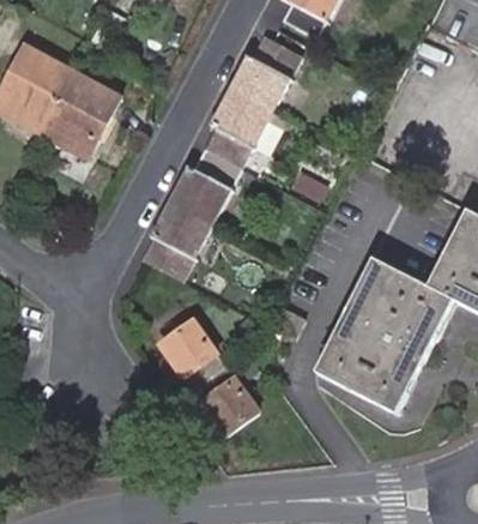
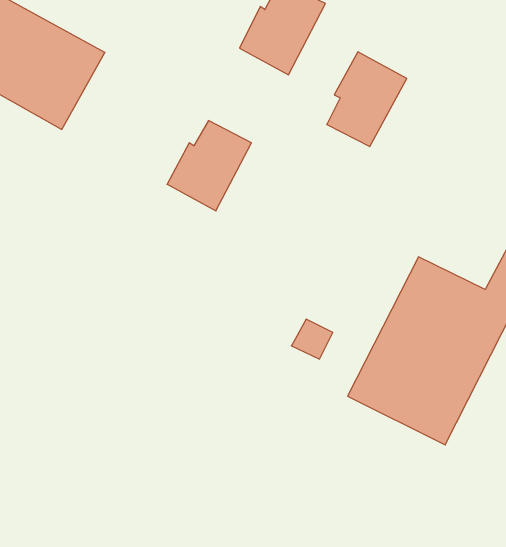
building: [204,91,268,168] -> [327,52,407,147]
building: [144,201,210,281] -> none
building: [161,323,259,433] -> none

